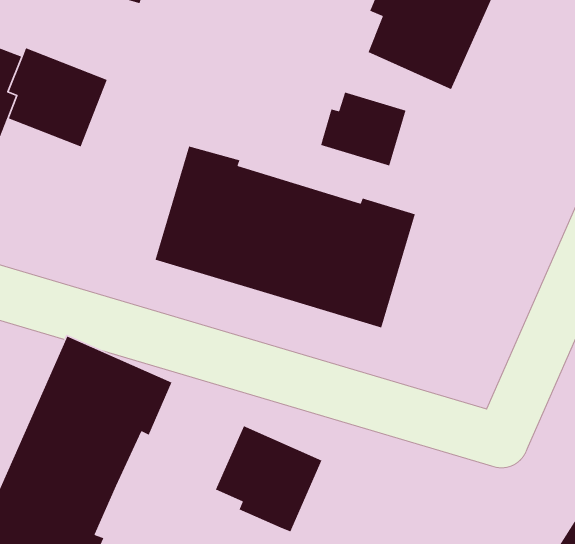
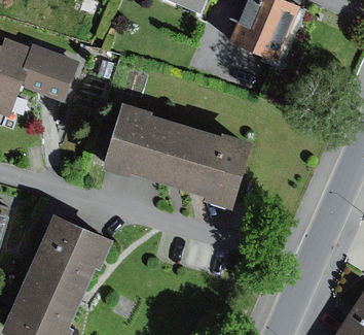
building: [320,91,406,166] -> none
building: [215,425,323,533] -> none

